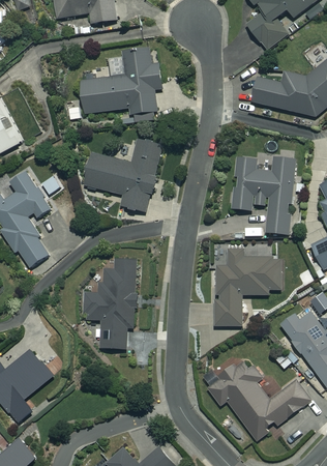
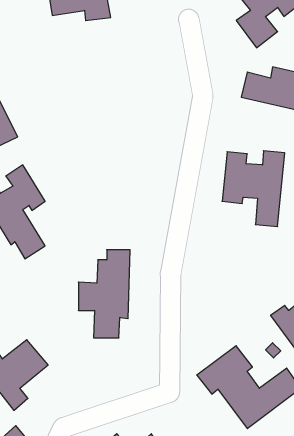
building: [81,49,162,114] -> none
building: [84,139,160,211] -> none
building: [214,250,280,326] -> none

